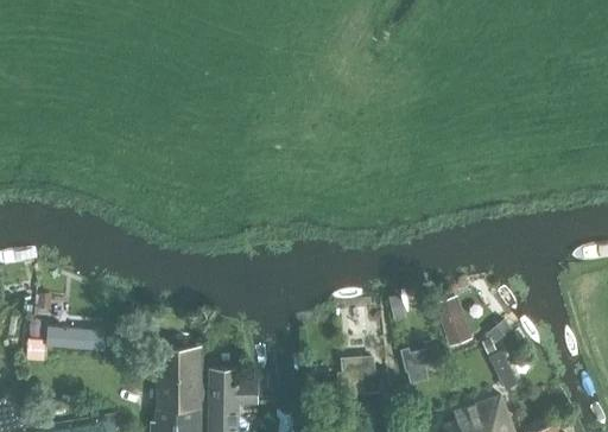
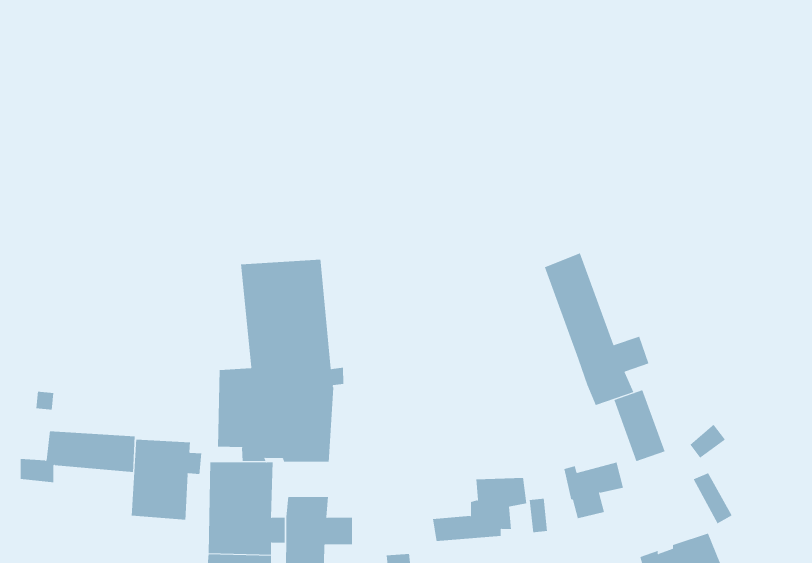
building: none -> [544,252,649,406]
building: none -> [218,259,344,463]
building: none -> [131,439,202,521]

